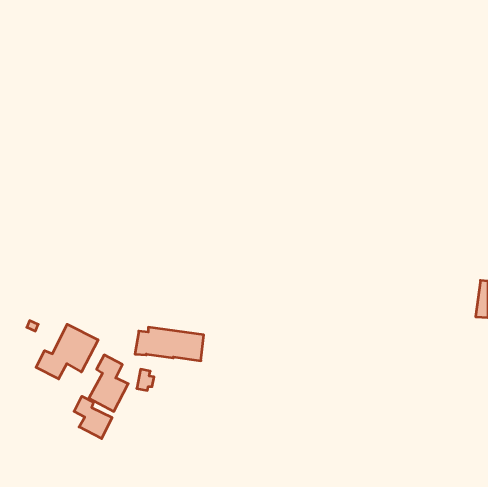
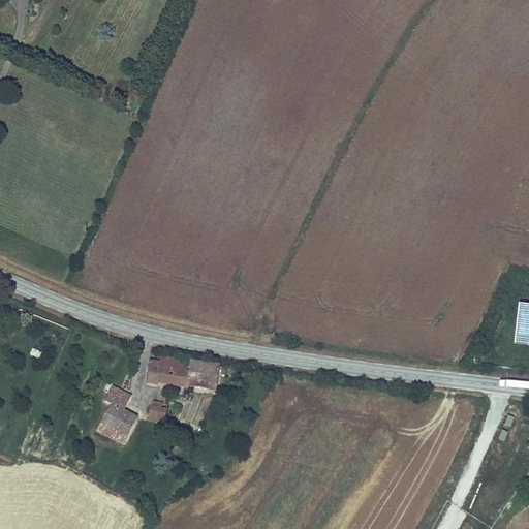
building: [36,324,98,379] -> none
building: [74,396,112,439] -> none

